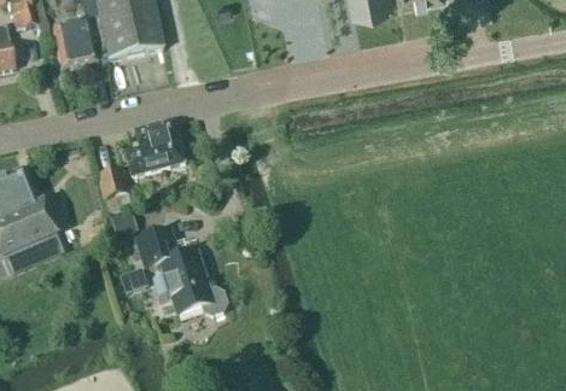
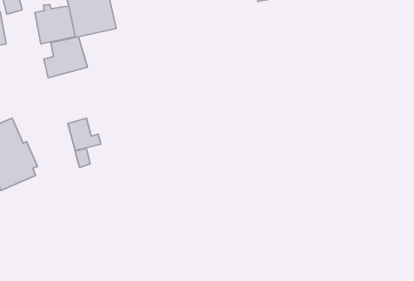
building: [126,119,185,175] -> [44,37,88,78]
building: [136,227,228,314] -> none

